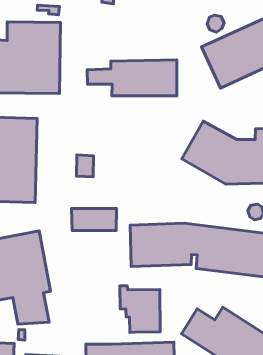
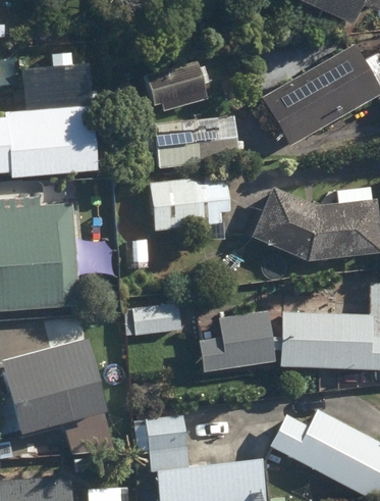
building: none -> [146,62,207,110]
building: none -> [152,178,229,241]
building: [120,286,160,332] -> [133,415,187,471]

